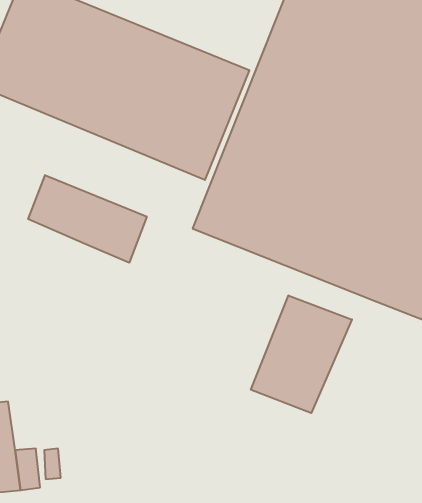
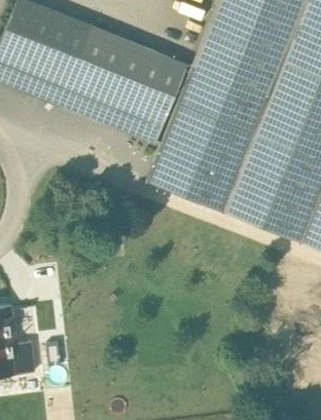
building: [28,175,147,263] -> none
building: [251,295,352,413] -> none

